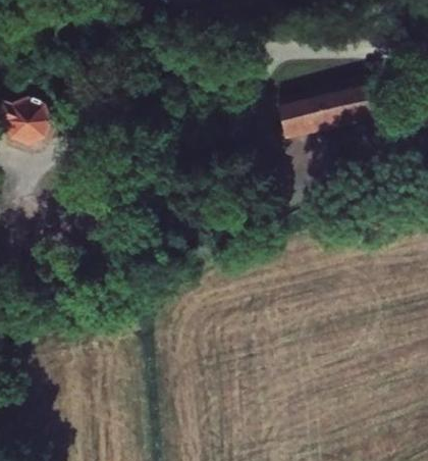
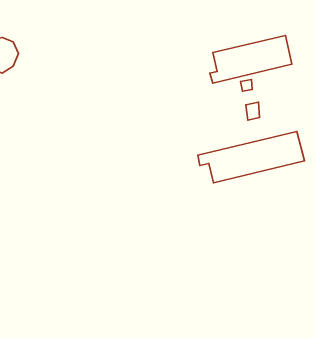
building: none -> [198,132,305,183]

